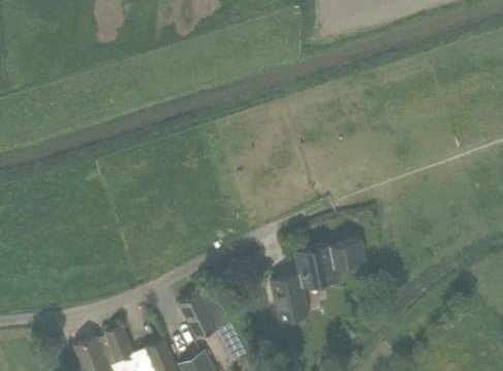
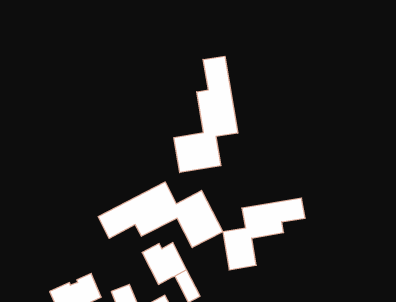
building: none -> [174,56,238,173]
building: none -> [98,182,223,248]

